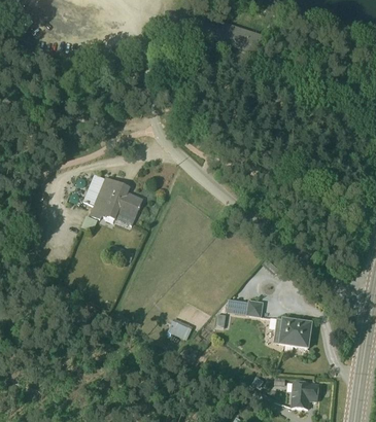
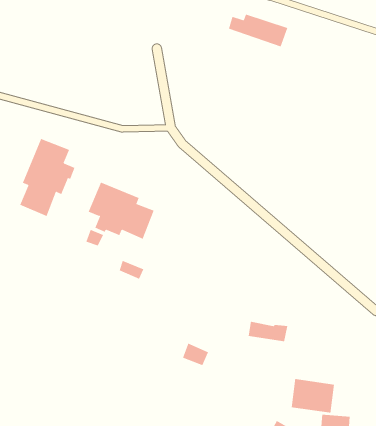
building: none -> [19,138,75,217]
building: [273,317,312,348] -> [291,379,335,413]

